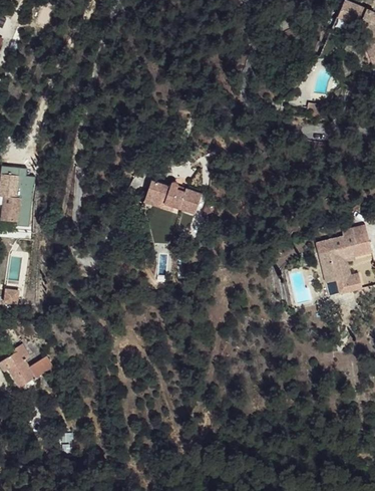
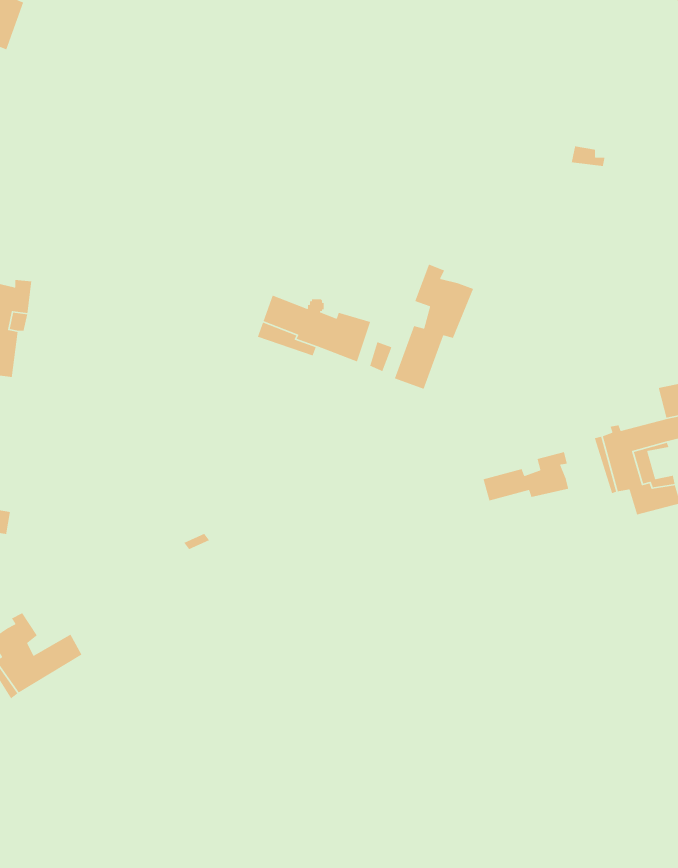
building: none -> [394,264,474,390]
building: none -> [483,451,569,502]

